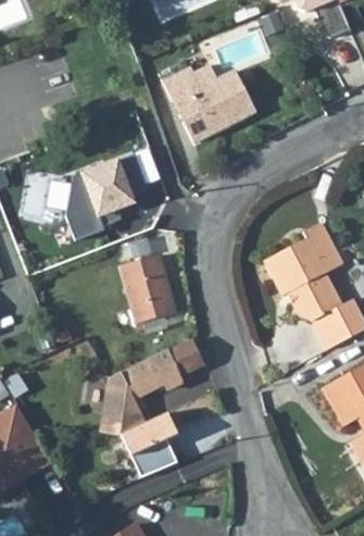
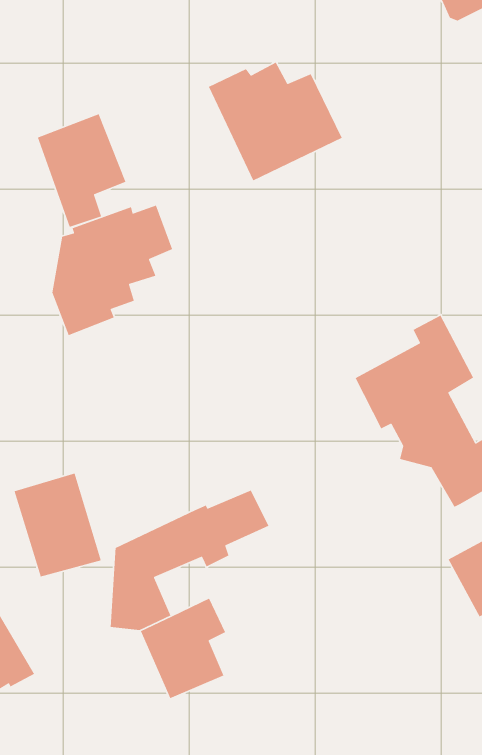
building: none -> [37,113,126,228]
building: [120,253,177,322] -> [14,472,102,577]

